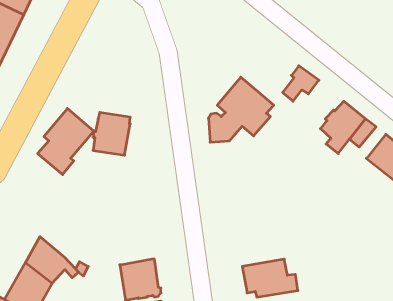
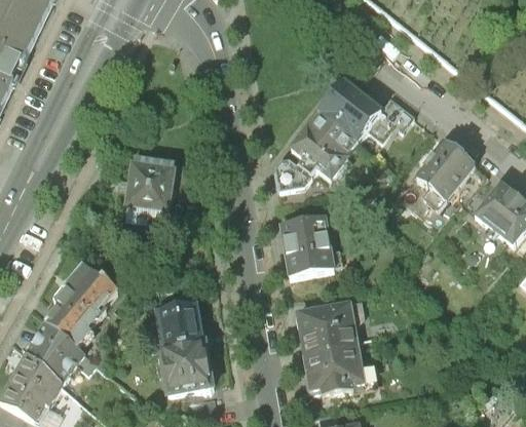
building: none -> [309,79,377,147]
building: [38,108,94,175] -> [53,257,125,341]
building: none -> [290,214,341,272]
building: none -> [304,298,365,352]
building: none -> [152,306,196,350]

